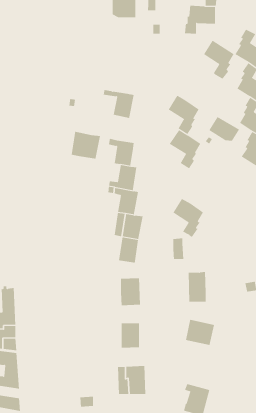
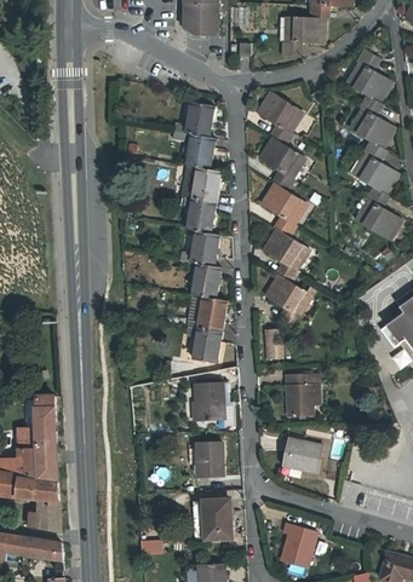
building: [203,40,235,80] -> [258,92,300,145]
building: none -> [174,102,214,137]
building: [209,116,240,141] -> none
building: [71,131,101,159] -> [182,165,222,202]
building: none -> [264,230,308,283]

